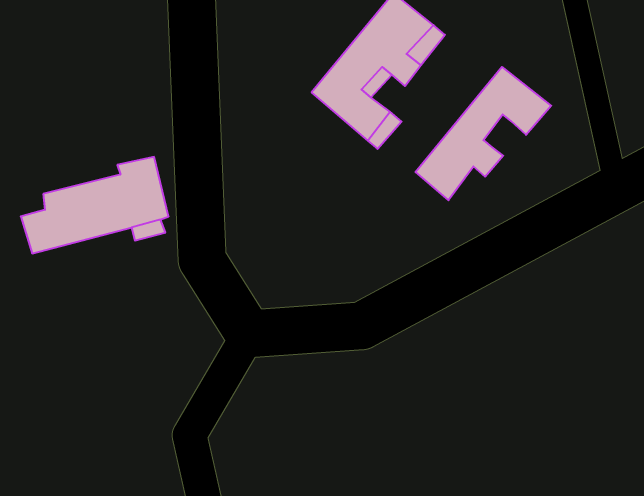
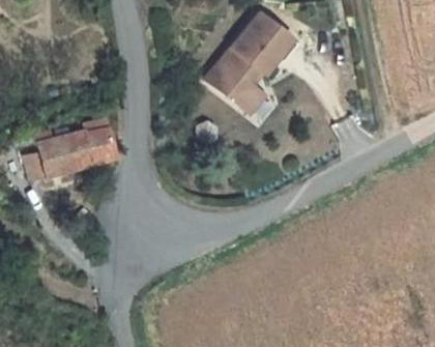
building: [415,67,551,200] -> none

